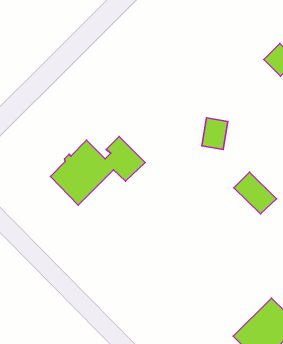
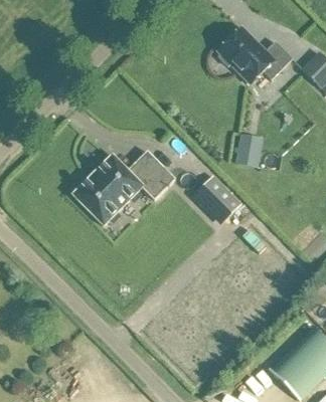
building: none -> [218,26,293,83]
building: [234,172,276,214] -> [193,177,239,222]

